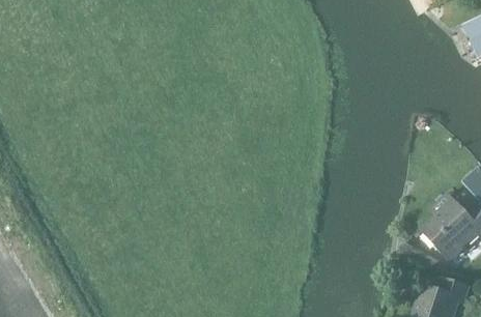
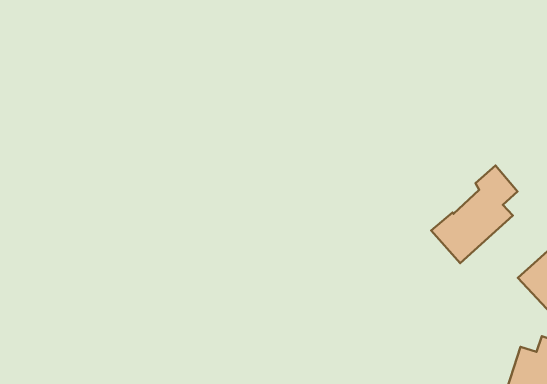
building: none -> [431,165,518,263]

